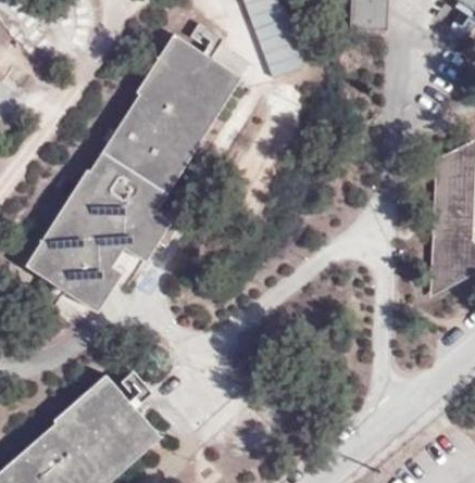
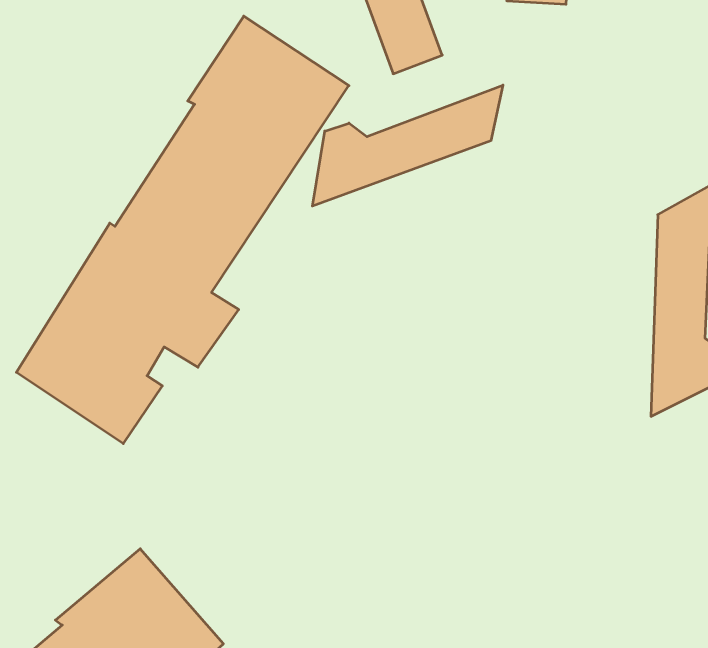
building: none -> [312,85,503,206]

